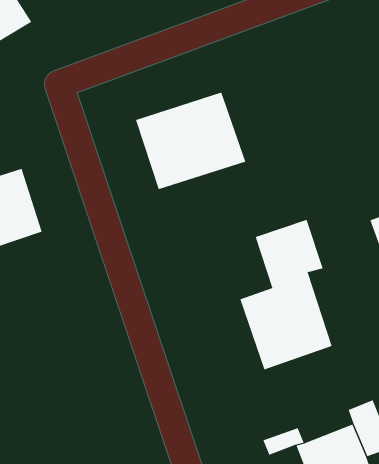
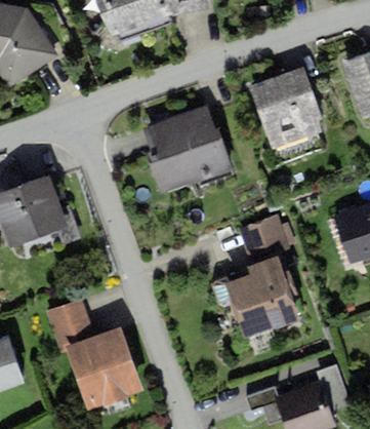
building: none -> [253,70,325,149]
building: none -> [47,303,142,407]

